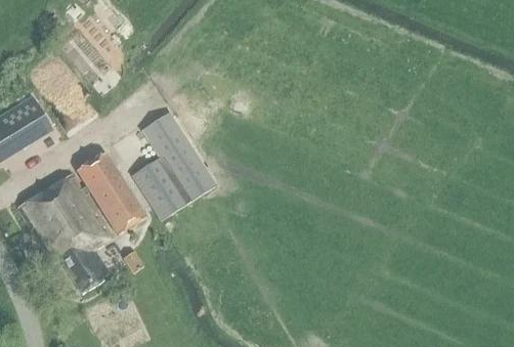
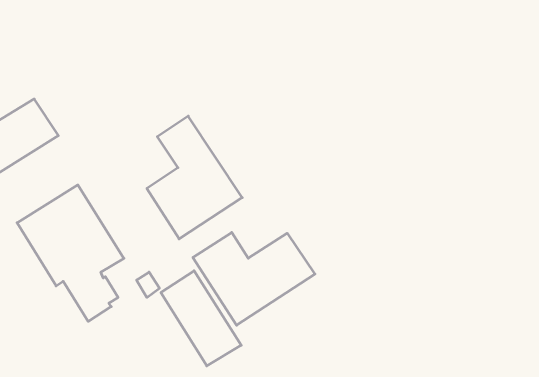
building: [75,150,146,235] -> [161,271,241,366]
building: none -> [193,232,315,325]

